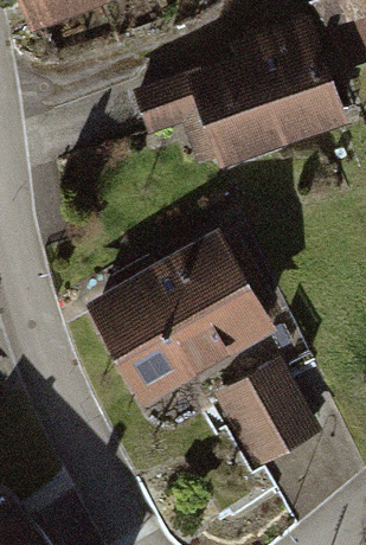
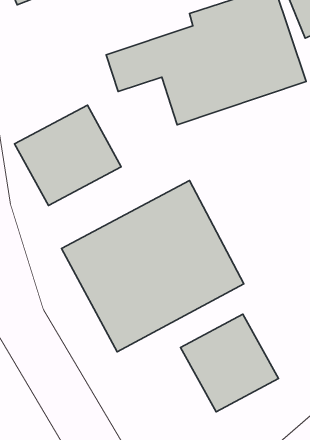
building: none -> [15,105,121,206]

